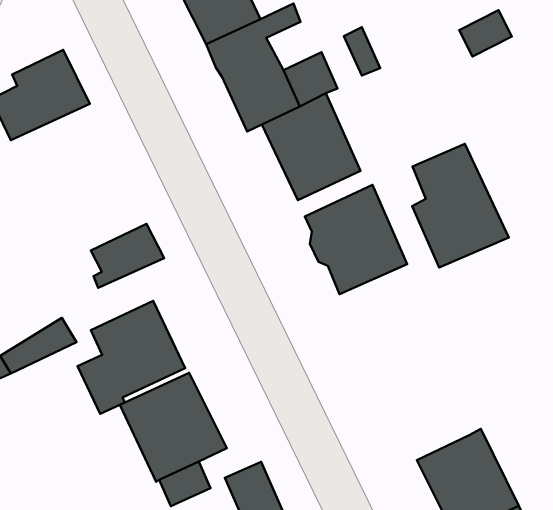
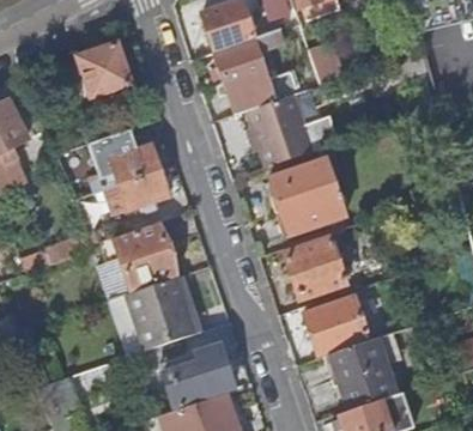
building: [412,144,509,267] -> none
building: none -> [91,132,160,184]
building: none -> [284,236,345,299]
building: none -> [303,296,368,358]

